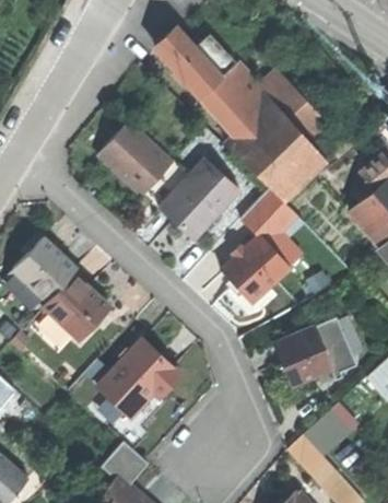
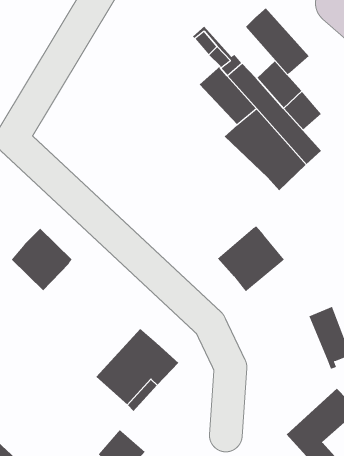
building: [156,28,221,96] -> [245,7,309,75]
building: [98,121,173,196] -> none
building: [161,159,240,238] -> none
building: [240,188,297,245] -> none
building: [42,274,109,342] -> none
building: [272,327,330,386] -> none

